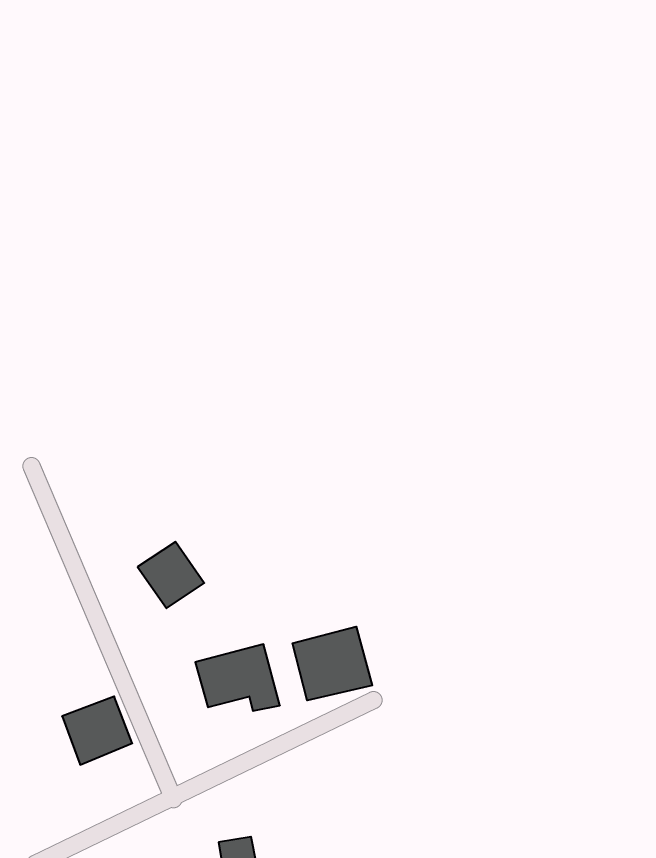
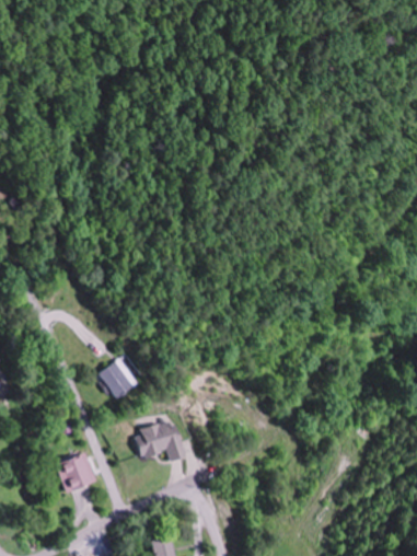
building: [292,627,372,700] -> none

